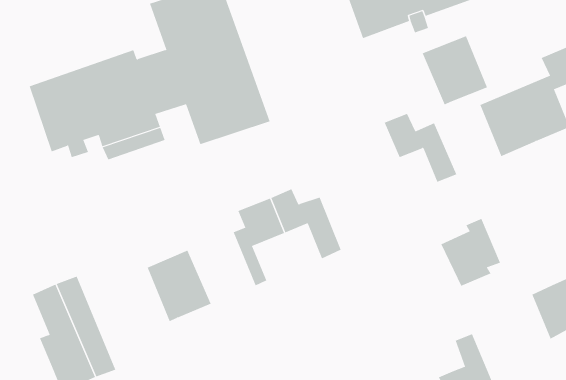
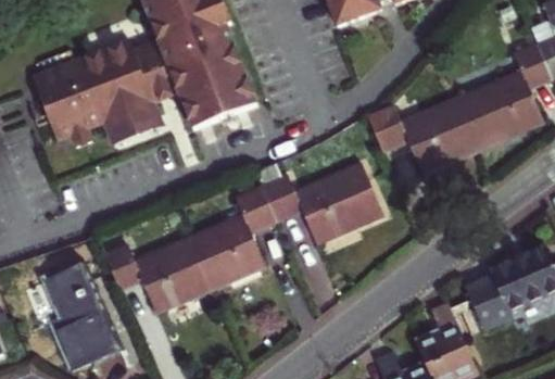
building: [422,36,488,105] -> [413,100,474,164]
building: none -> [307,164,375,233]
building: [441,218,501,287] -> [464,275,519,338]
building: none -> [186,217,248,283]
building: none -> [102,242,168,306]

